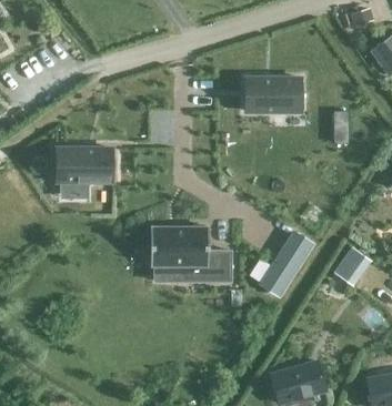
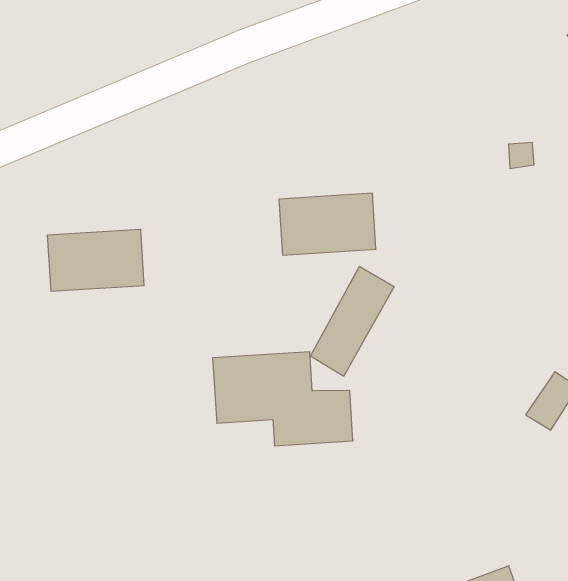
building: [245,79,301,112] -> [279,193,376,255]
building: [261,231,313,295] -> [311,266,394,376]

